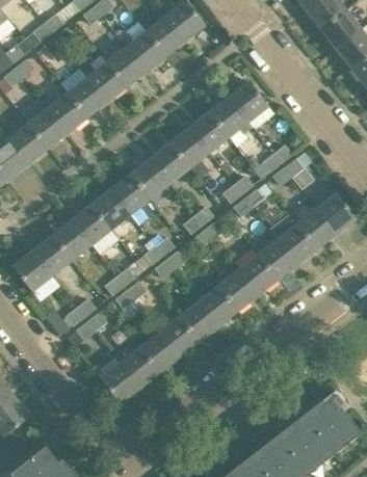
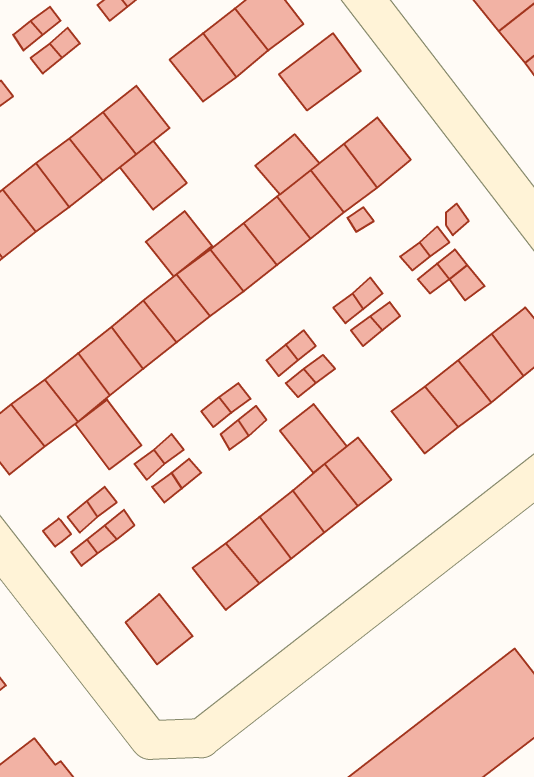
building: none -> [279,33,361,110]
building: [106,47,146,87] -> [120,141,187,210]
building: none -> [255,134,319,194]
building: none -> [146,211,212,277]
building: none -> [75,400,141,469]
building: [237,255,277,295] -> [280,404,347,473]
building: [120,347,159,388] -> none

